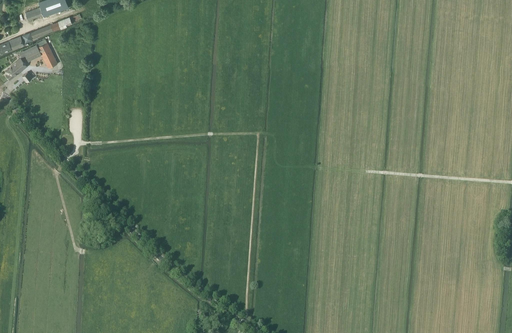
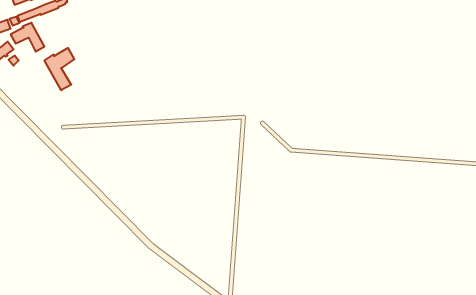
building: none -> [44,48,74,90]

